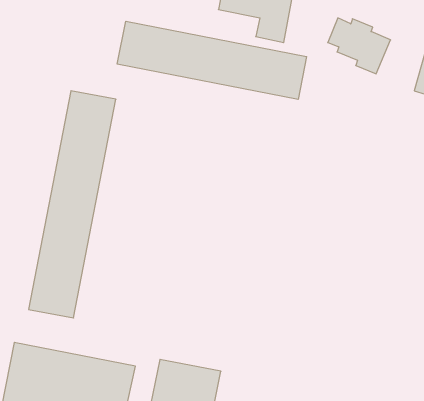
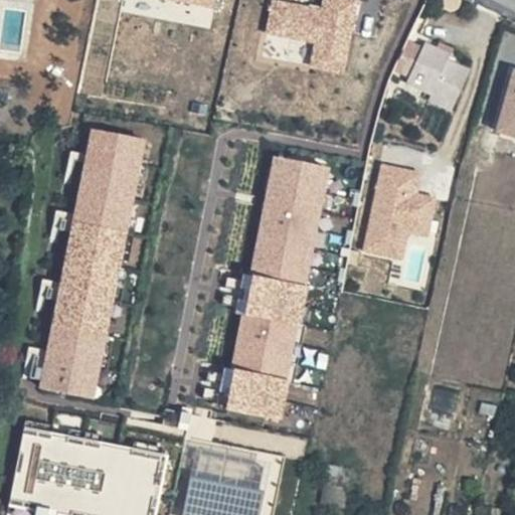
building: [117,21,307,99] -> none
building: none -> [225,156,329,417]
building: none -> [362,163,436,259]

